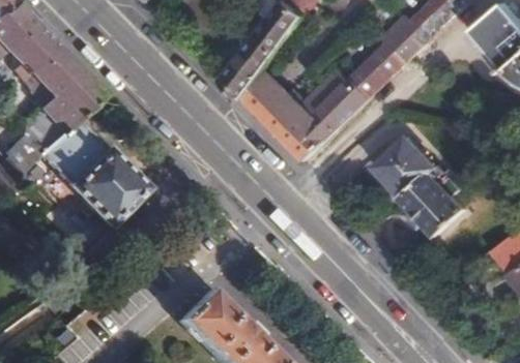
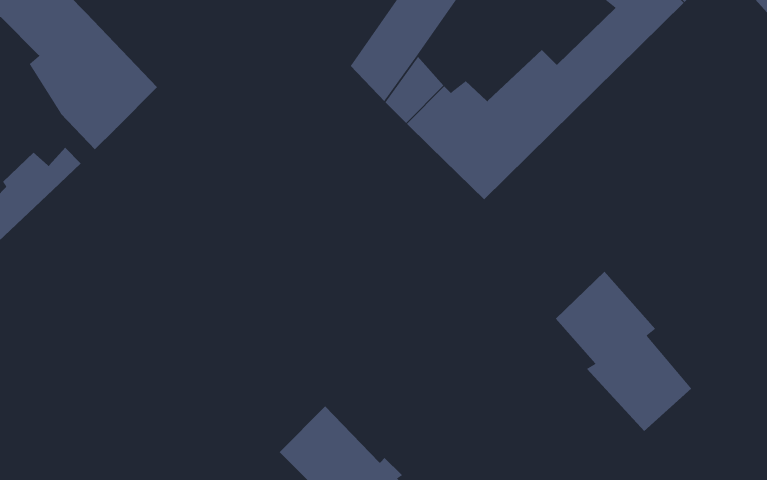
building: [38,116,147,224] -> none
building: [381,133,467,234] -> [555,271,692,432]

